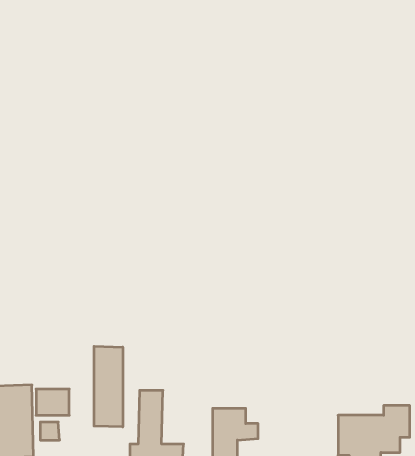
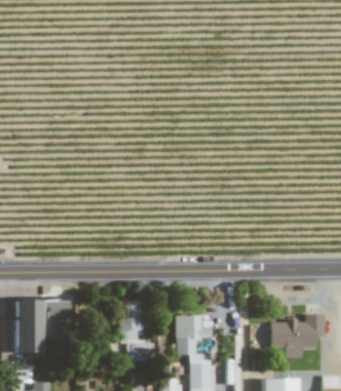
building: [94,346,123,427] -> none

